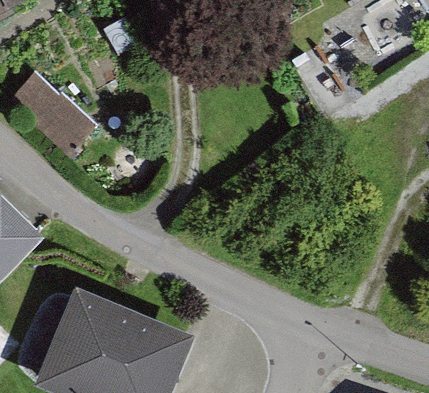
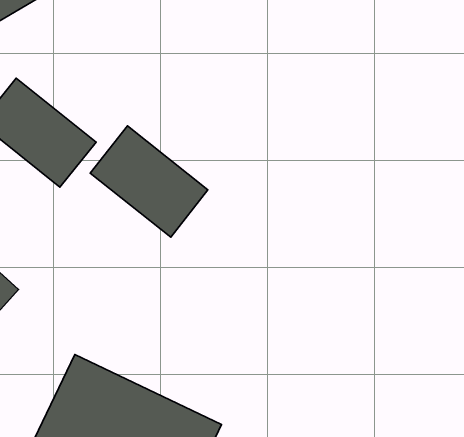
building: none -> [90,126,208,237]

